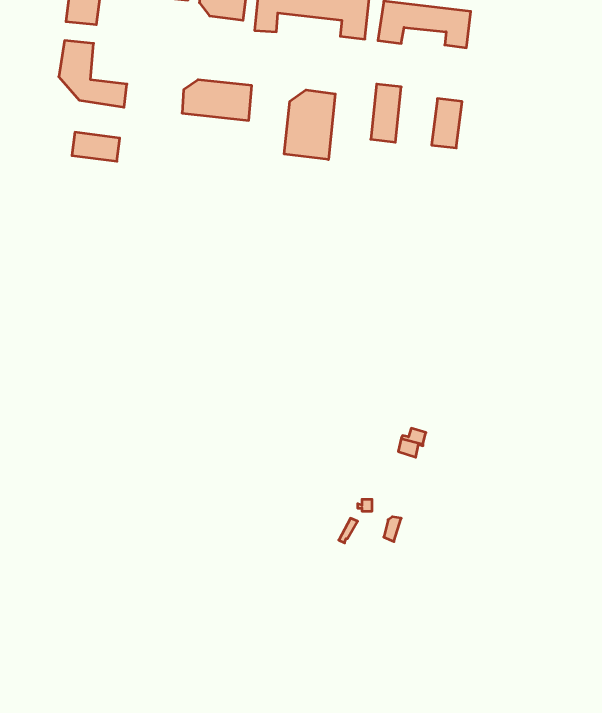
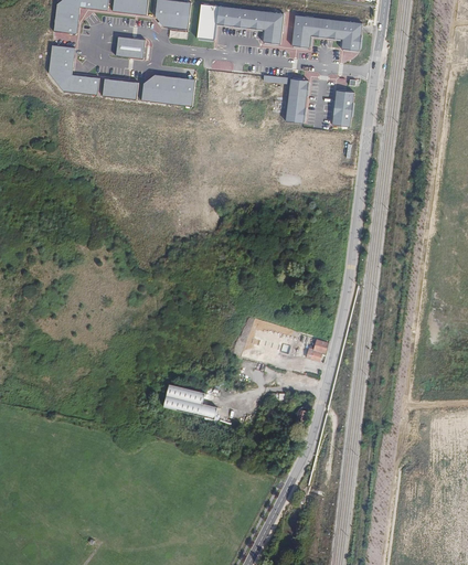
building: none -> [115,36,145,58]
building: [284,90,335,160] -> none
building: [72,132,120,161] -> [102,77,138,99]
building: none -> [162,383,216,418]

